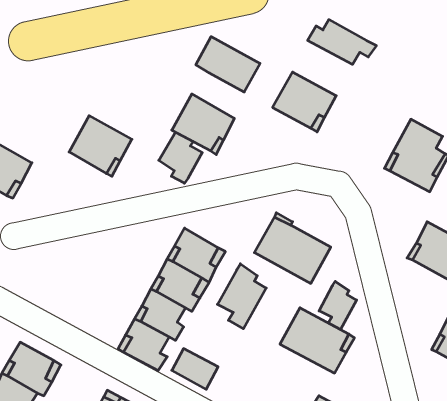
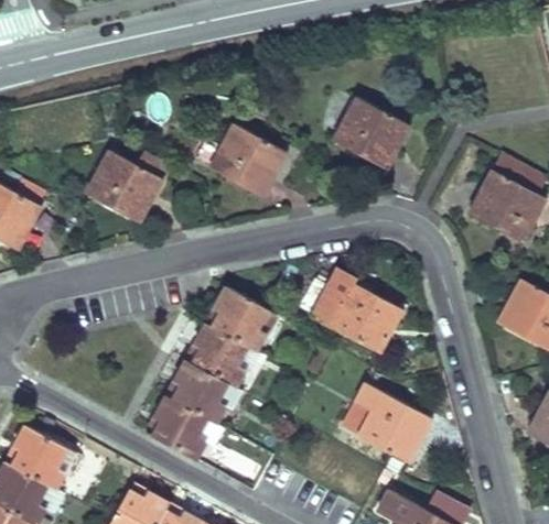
building: [308,20,376,64] -> none
building: [196,37,260,92] -> none
building: [159,132,202,183] -> none
building: [217,264,266,329] -> none
building: [319,281,357,330] -> none

